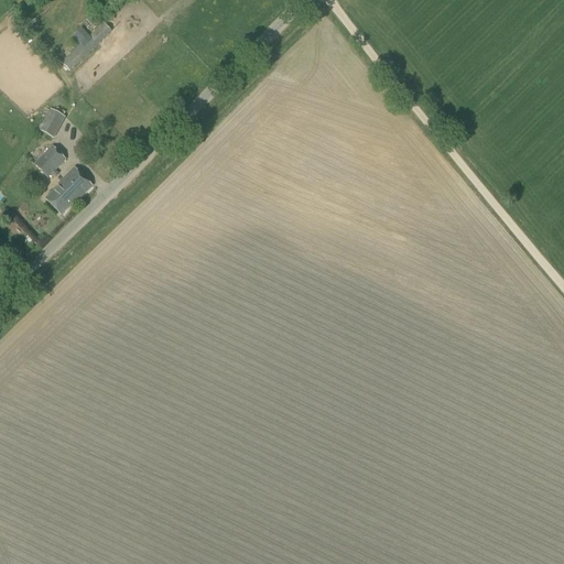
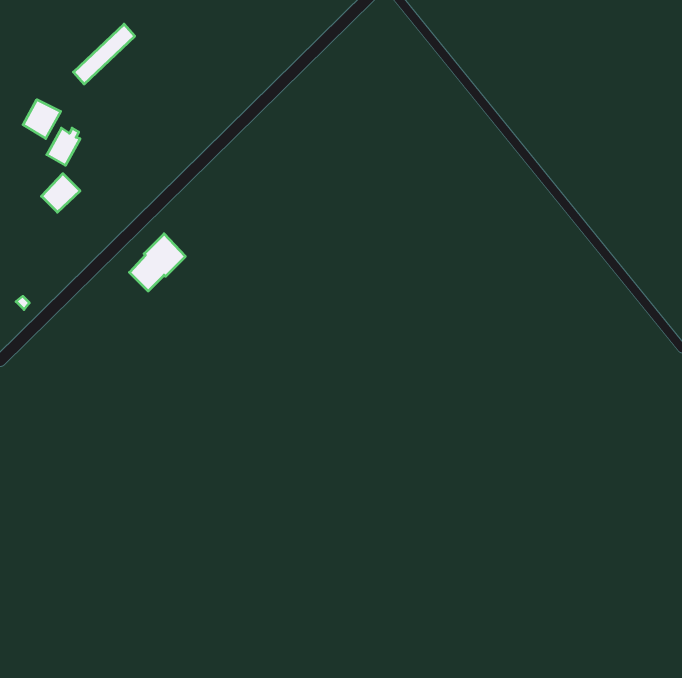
building: none -> [23,100,61,139]
building: [45,165,91,213] -> [129,234,185,291]

